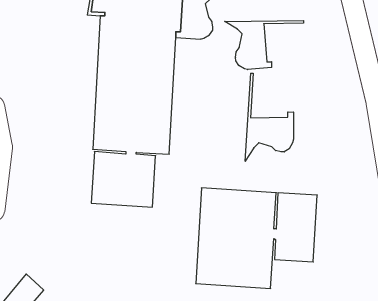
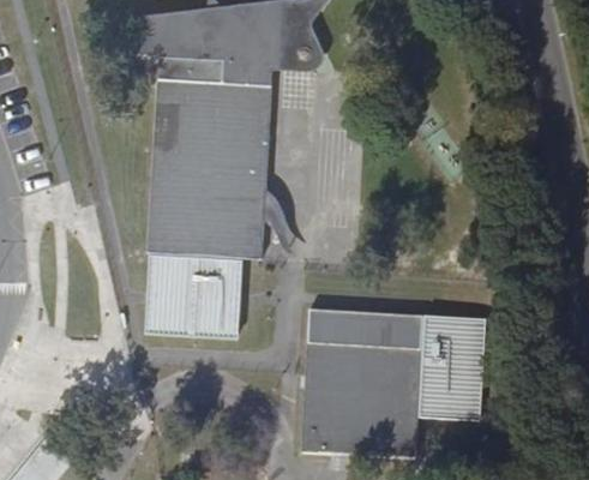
building: [225,21,303,70] -> none
building: [245,73,294,161] -> none

